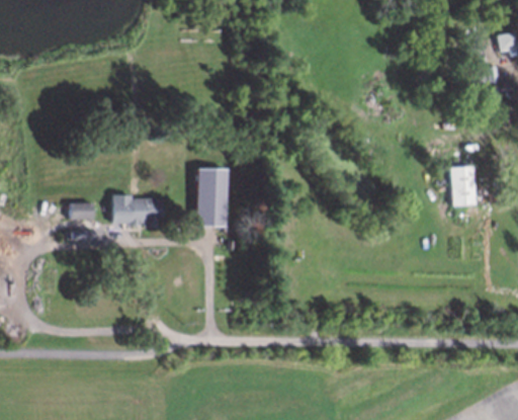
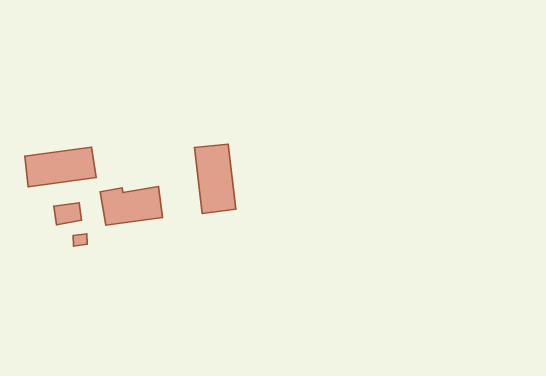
building: none -> [25,147,96,187]
building: [451,166,476,205] -> none

